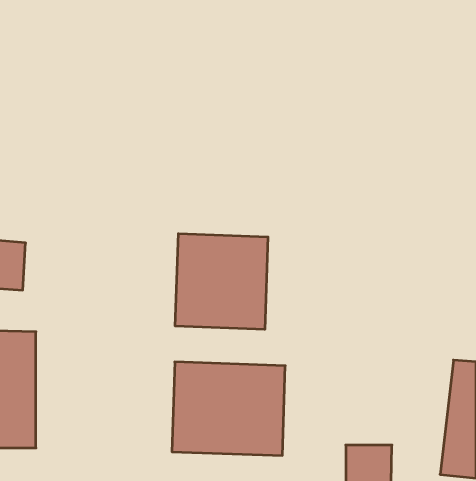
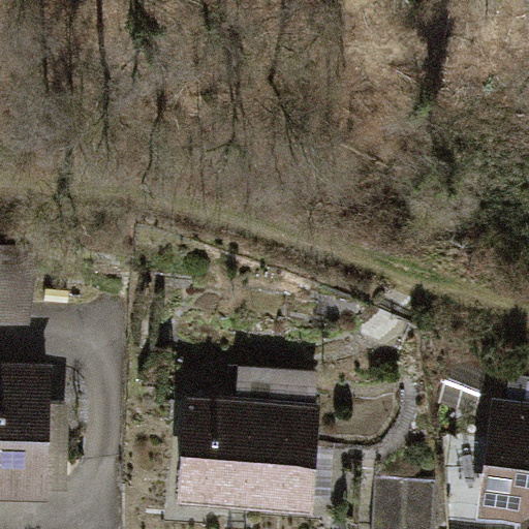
building: [175,234,268,329] -> none

